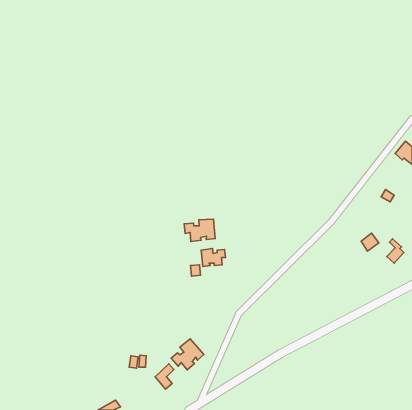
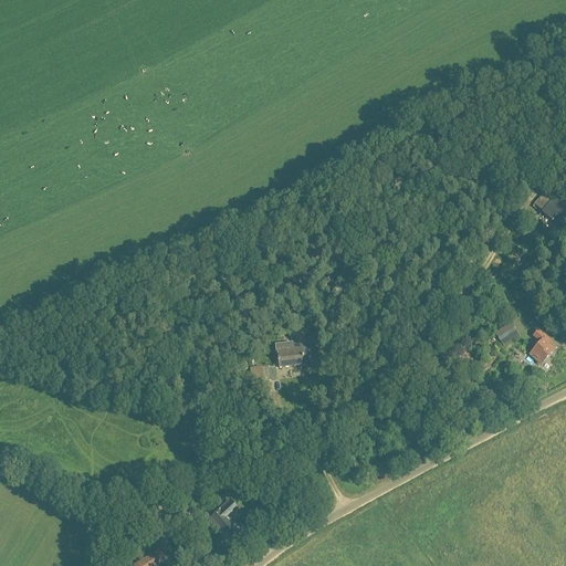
building: [184,219,215,241] -> none
building: [171,339,204,370] -> none

